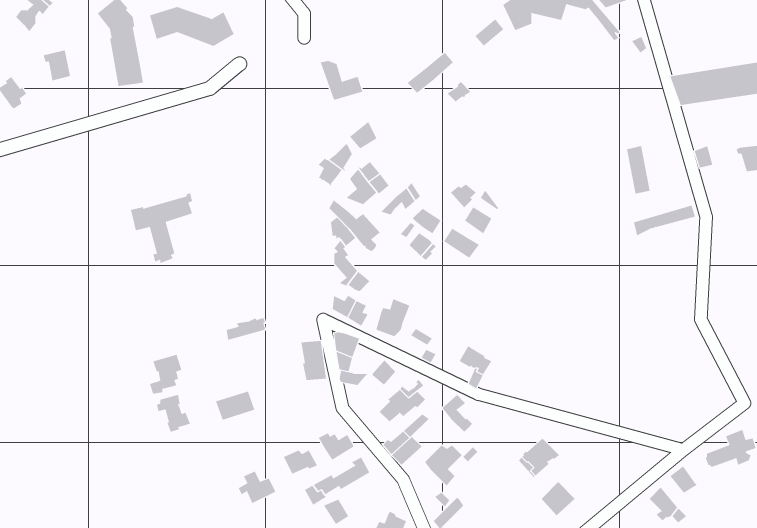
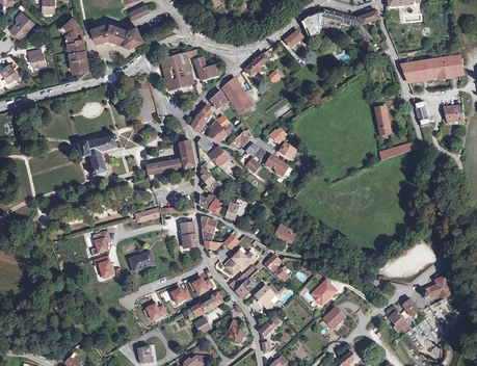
building: none -> [161,51,192,88]
building: none -> [222,77,253,114]
building: none -> [147,138,194,175]

